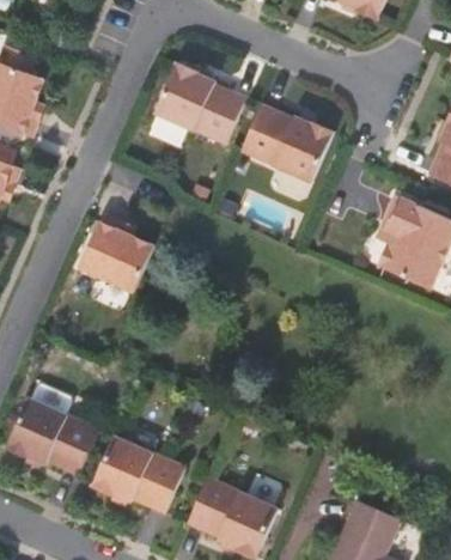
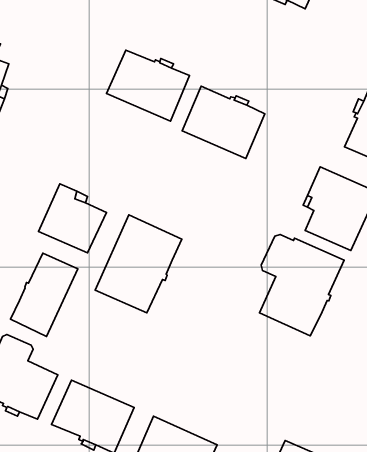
building: none -> [95,215,182,313]
building: none -> [260,235,344,336]
building: none -> [11,253,78,337]

